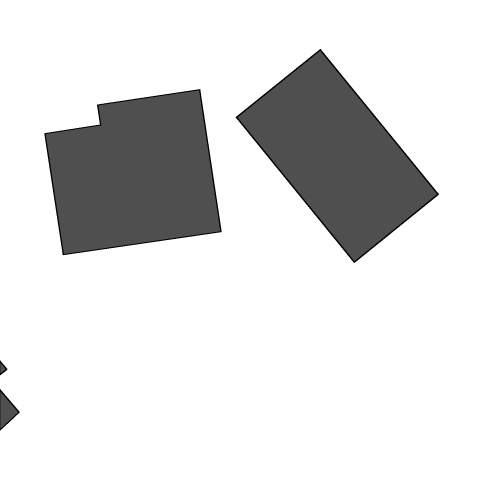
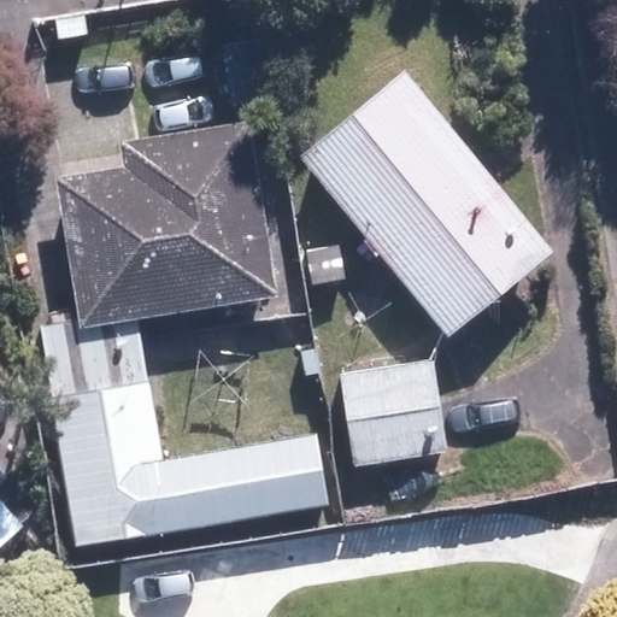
building: none -> [343,362,448,466]
building: none -> [49,381,330,548]

